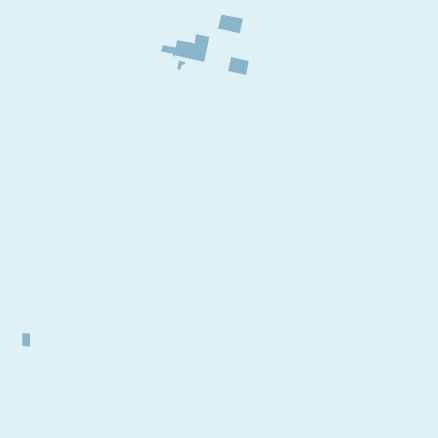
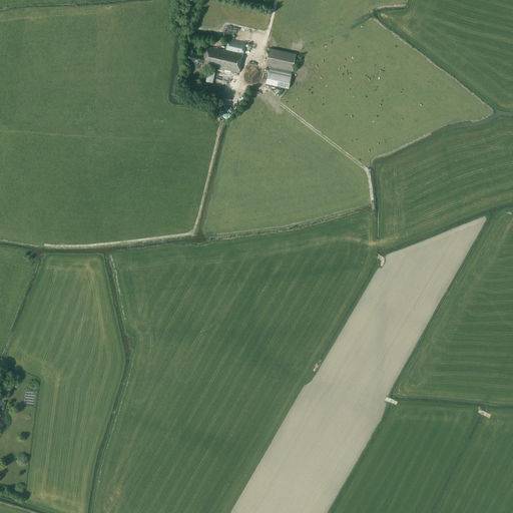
building: [217,14,244,34] -> [265,48,296,71]

